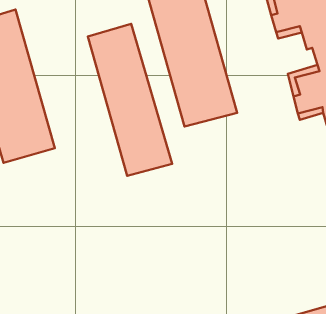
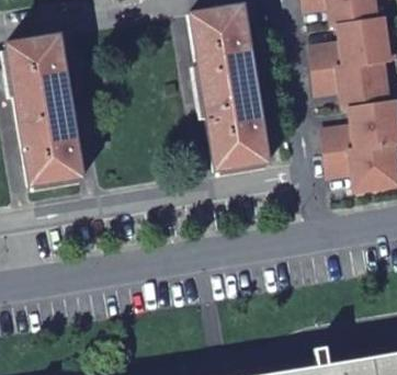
building: [88,24,172,176] -> none

